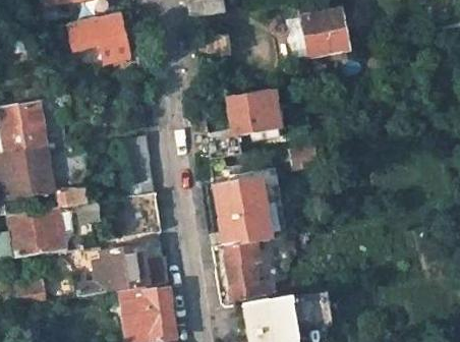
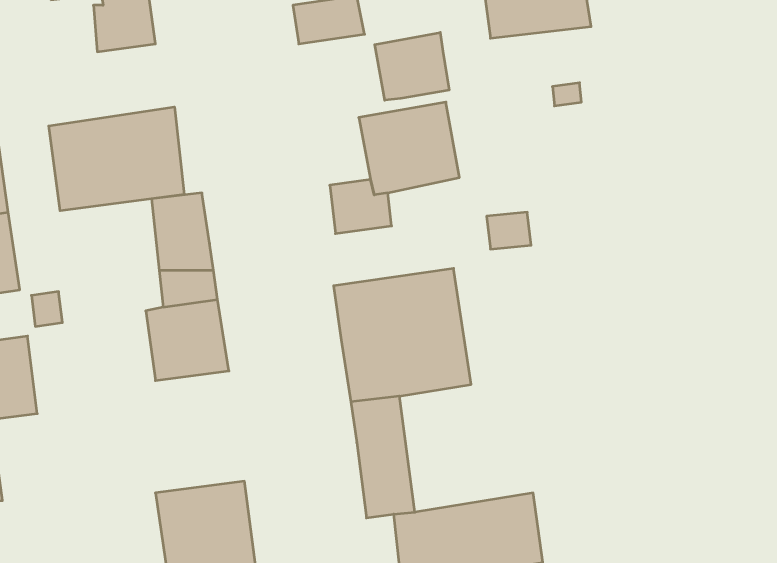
building: none -> [375,32,449,100]
building: none -> [49,107,184,211]
building: [67,245,149,296] -> none

